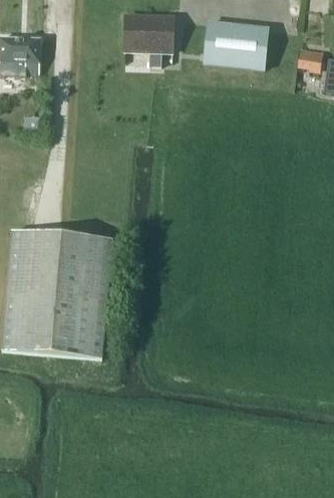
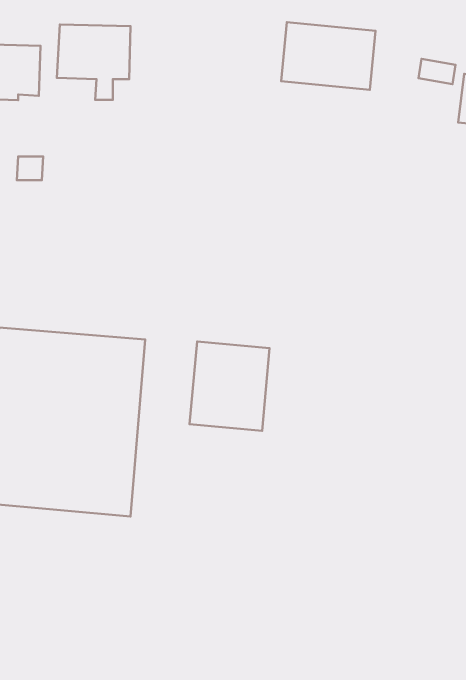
building: [124,14,175,65] -> [57,25,131,100]
building: none -> [190,341,270,431]

